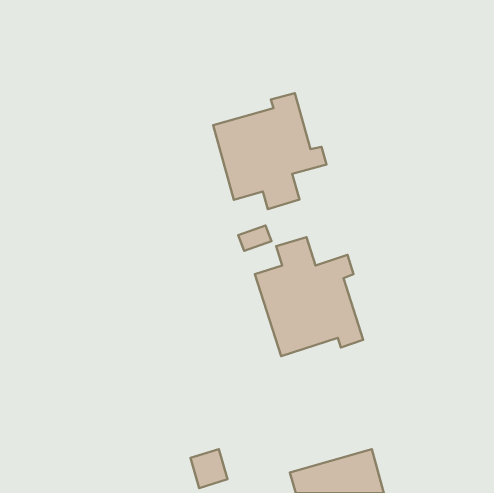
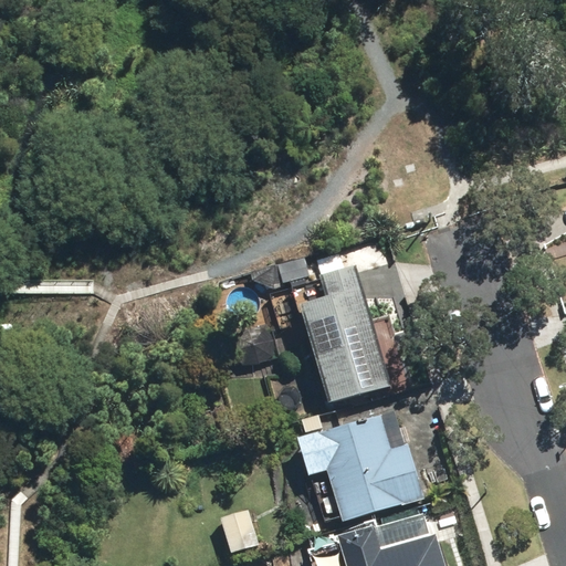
building: [213,93,327,209] -> none
building: none -> [294,420,423,523]

